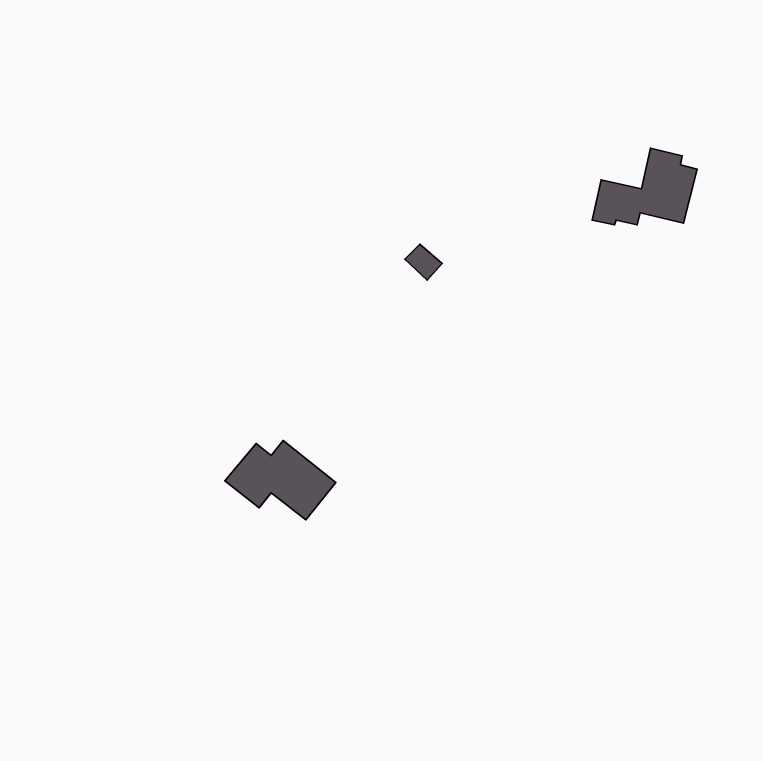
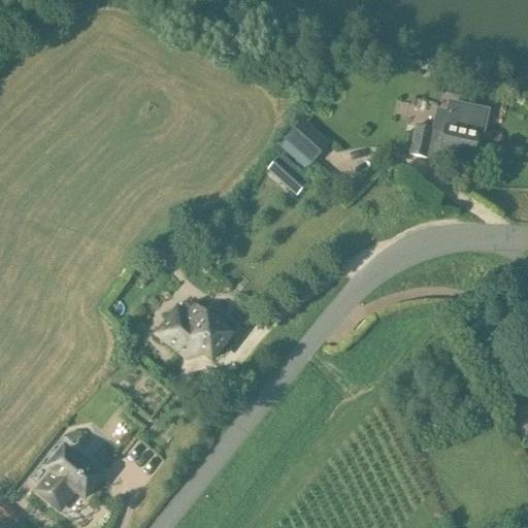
building: none -> [280,129,322,169]
building: none -> [36,447,98,507]

